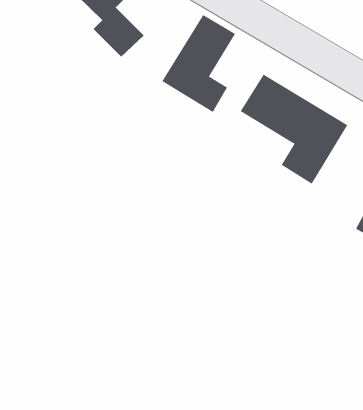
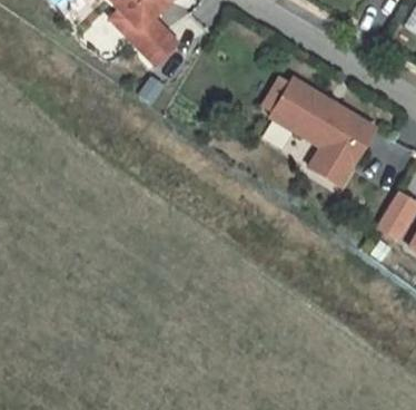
building: [162,14,236,113] -> none

